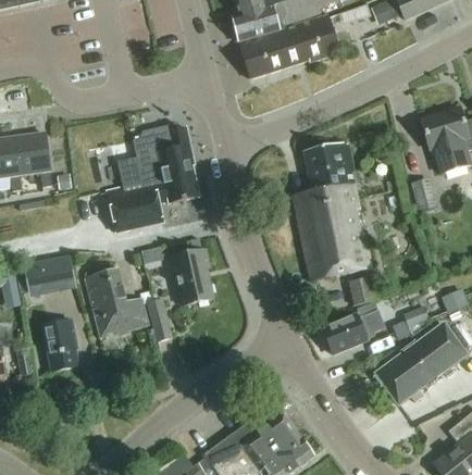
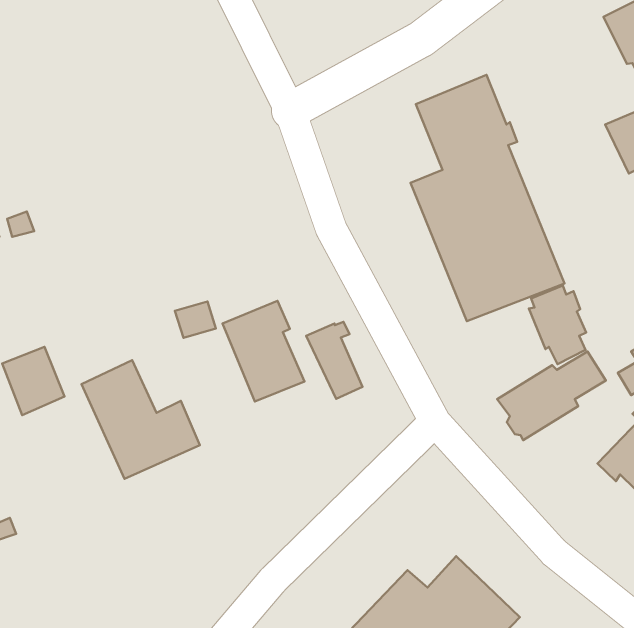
building: [107,125,198,230] -> none
building: [145,296,172,339] -> [306,322,362,399]
building: [41,320,77,371] -> none

